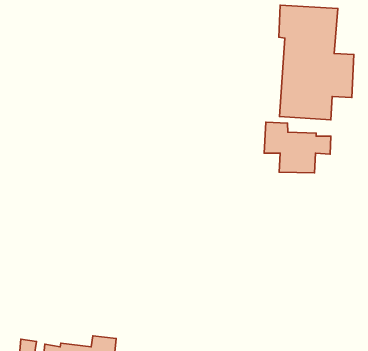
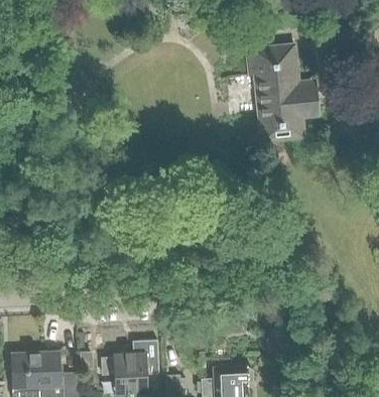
building: [264,122,331,173] -> none

